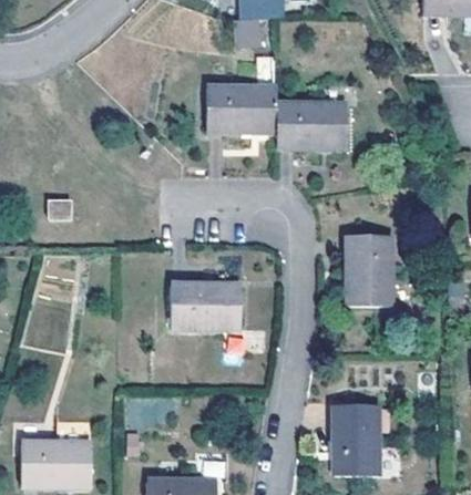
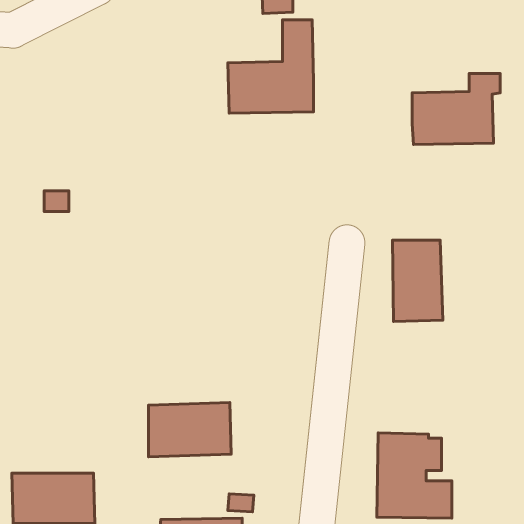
building: [278,89,354,149] -> [412,73,500,145]
building: [168,281,239,328] -> [148,403,231,457]

